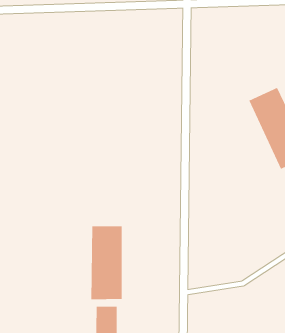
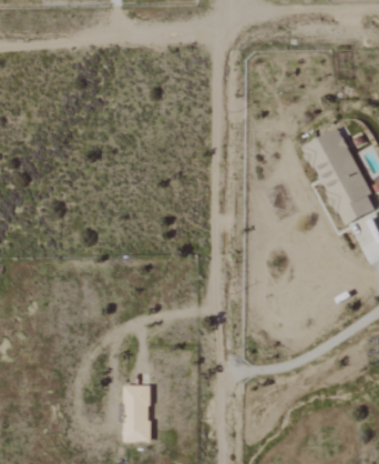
building: [91,225,122,300] -> none

